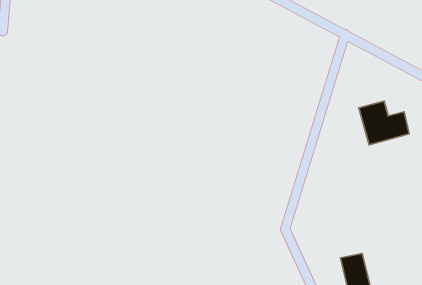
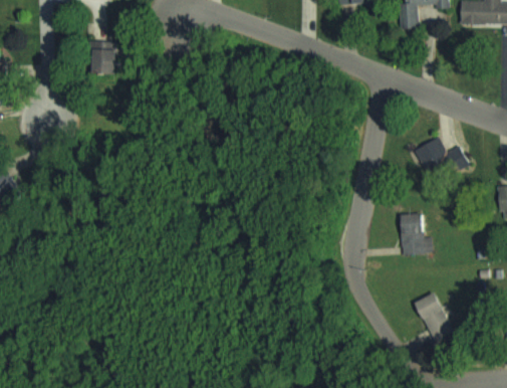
building: none -> [399,214,433,255]

